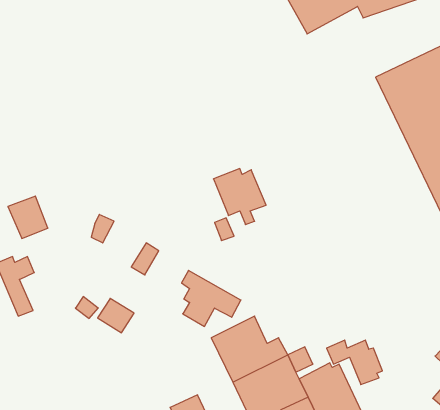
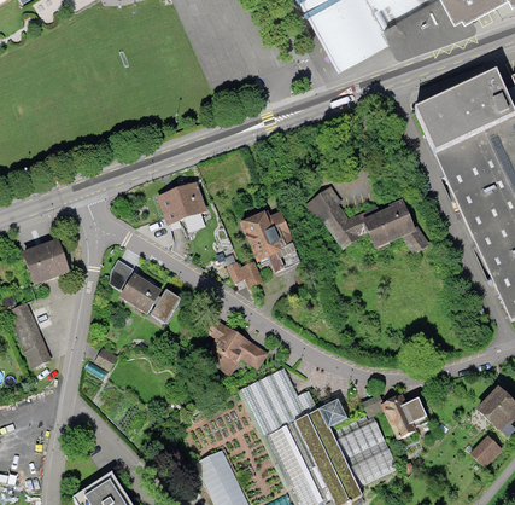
building: none -> [159,185,207,228]
building: none -> [310,187,429,254]
building: [98,298,134,333] -> [121,277,159,313]

